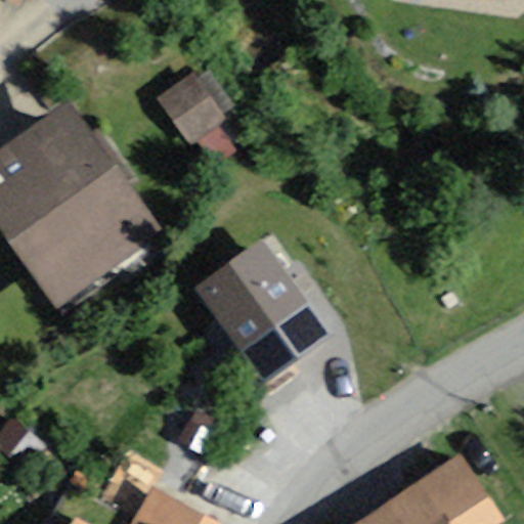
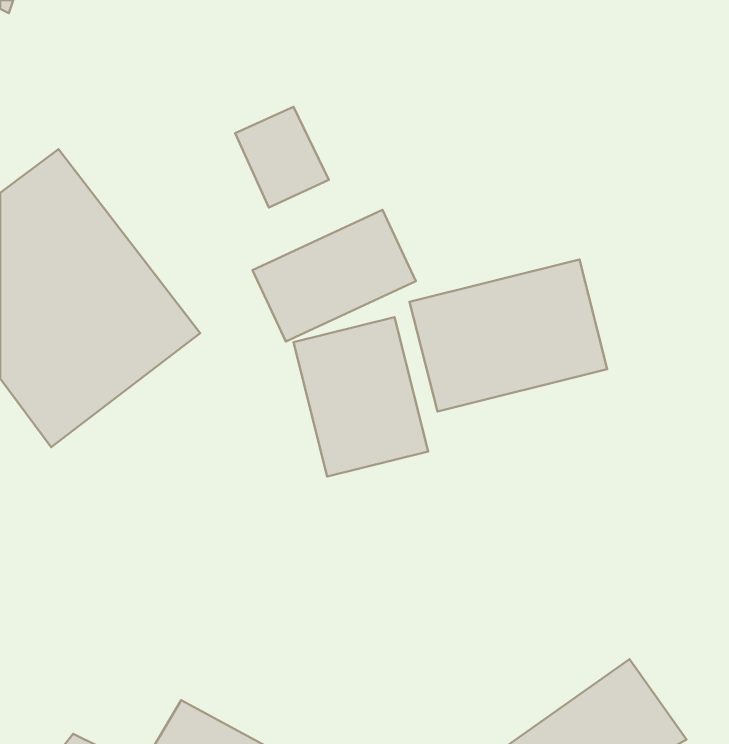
building: none -> [253,210,416,341]
building: none -> [410,259,607,412]

